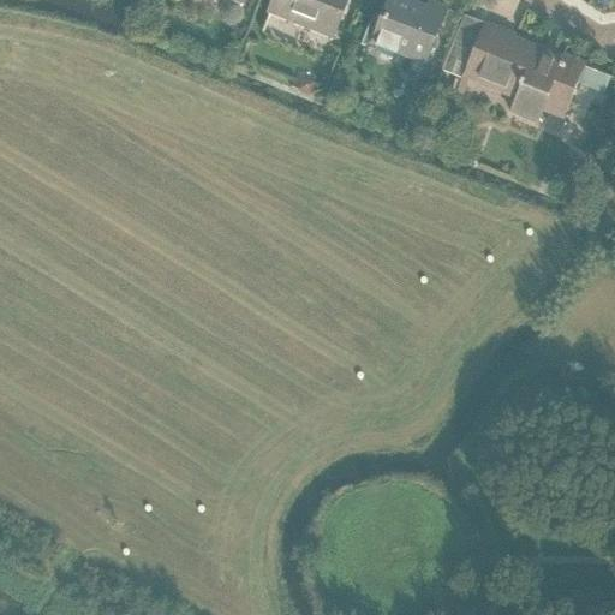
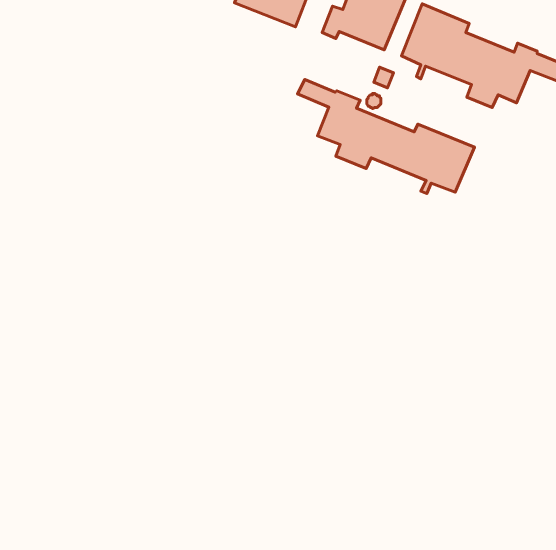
building: none -> [297,80,474,193]

